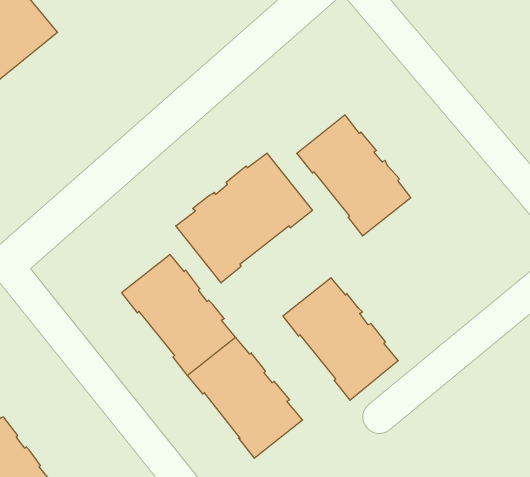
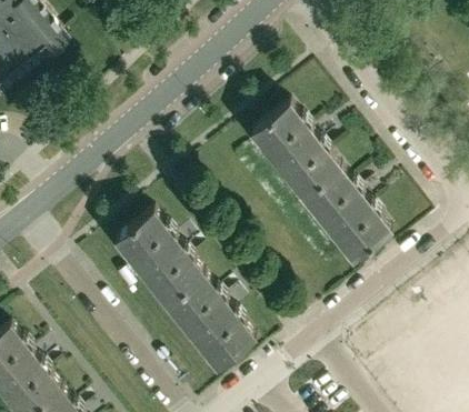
building: [176,153,312,283] -> none
building: [283,278,398,400] -> [299,167,389,262]

